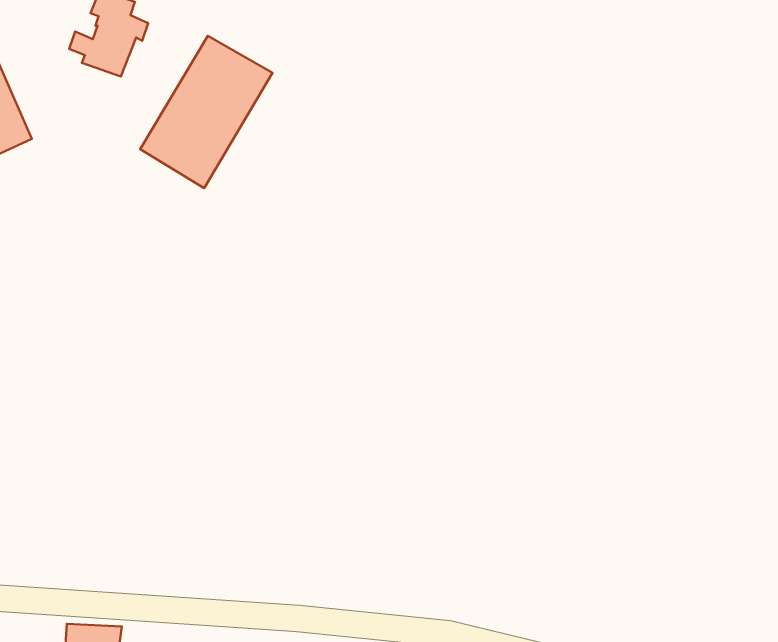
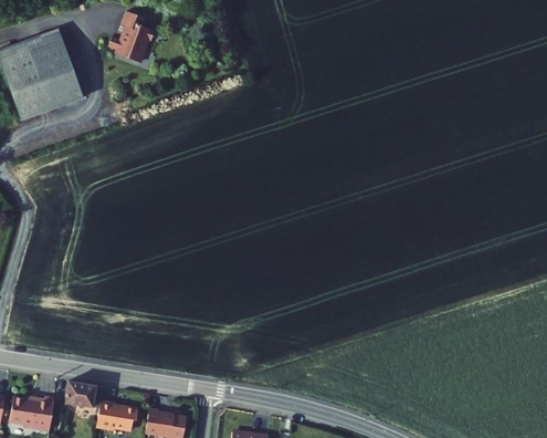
building: [140,36,272,188] -> none

